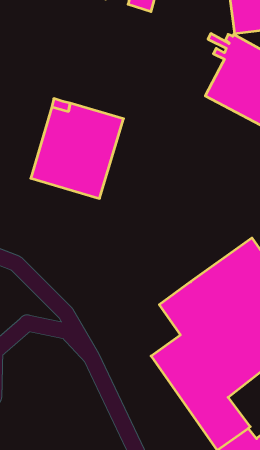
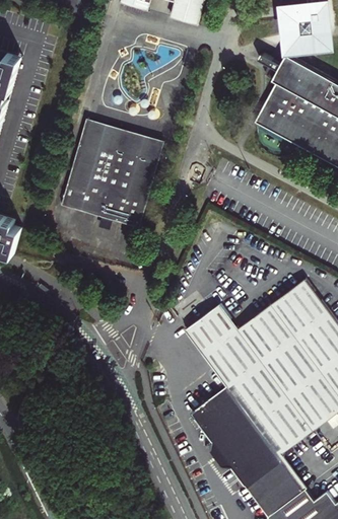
building: none -> [185,303,236,352]

